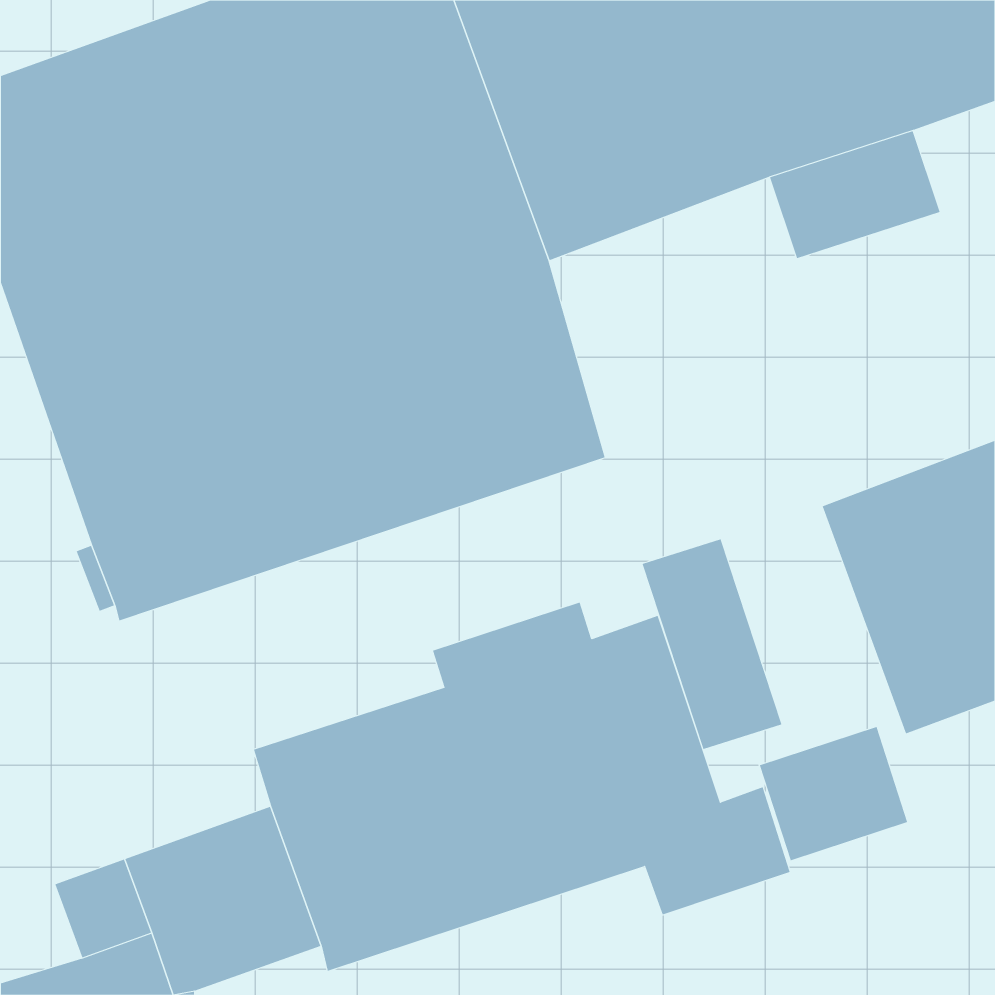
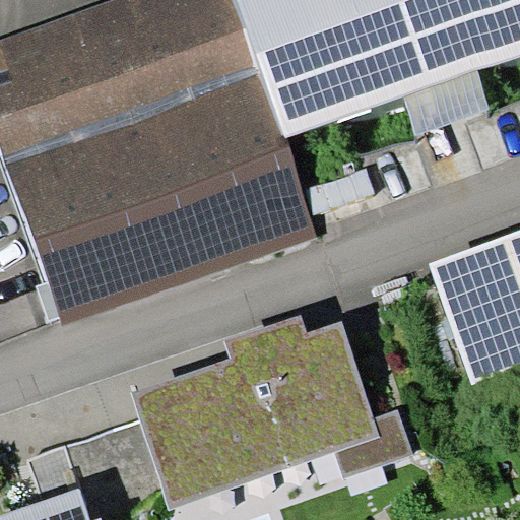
building: [642,539,782,750] -> none
building: [759,726,908,861] -> none

